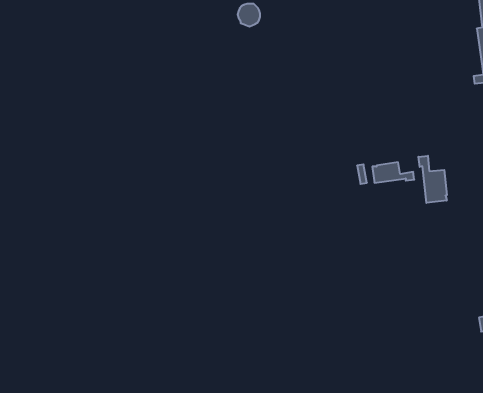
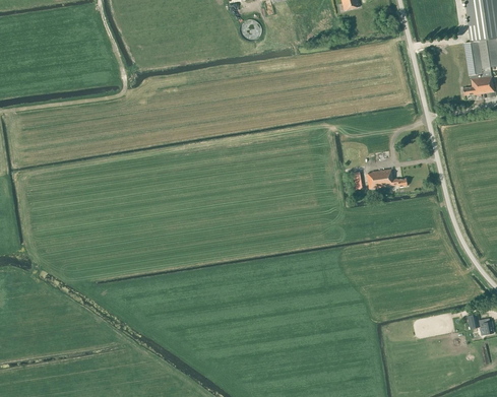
building: [418,156,447,203] -> none

